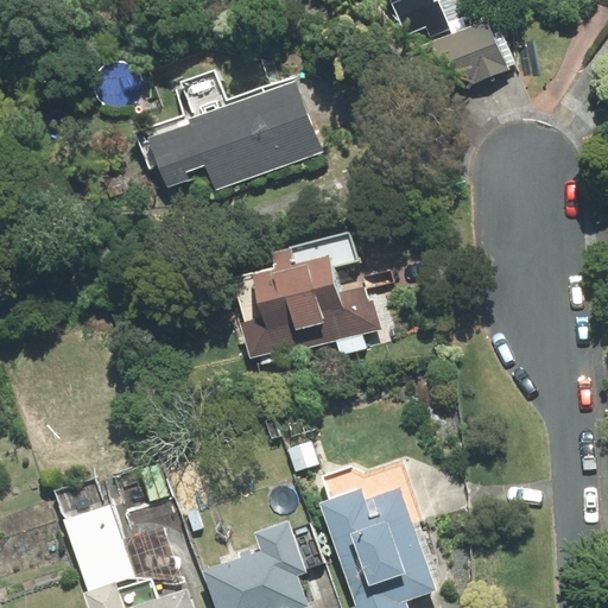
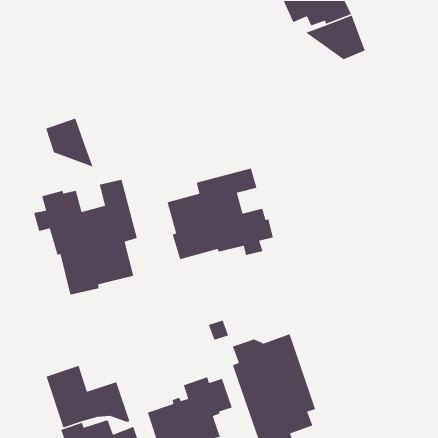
building: [137,70,323,192] -> none
building: none -> [45,117,94,168]
building: none -> [33,179,138,296]

